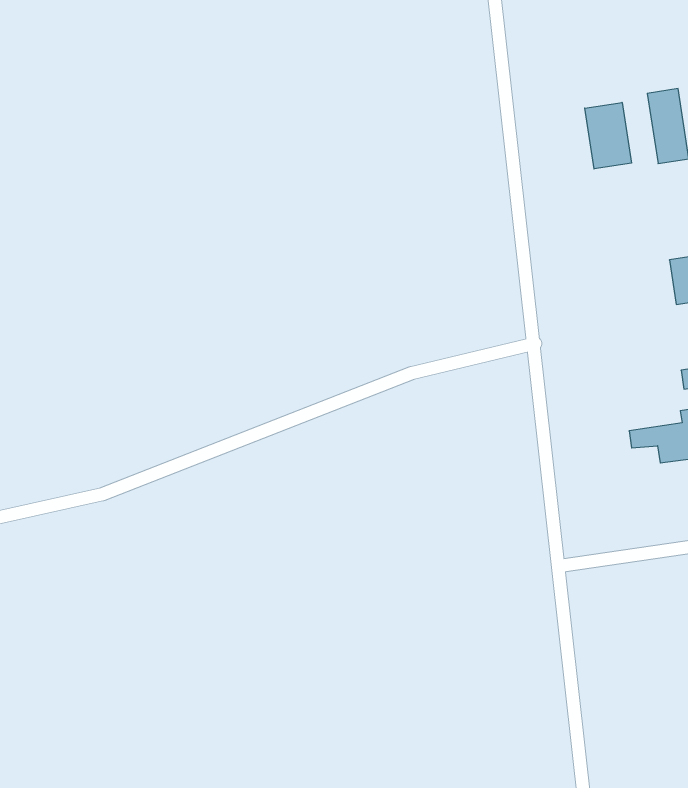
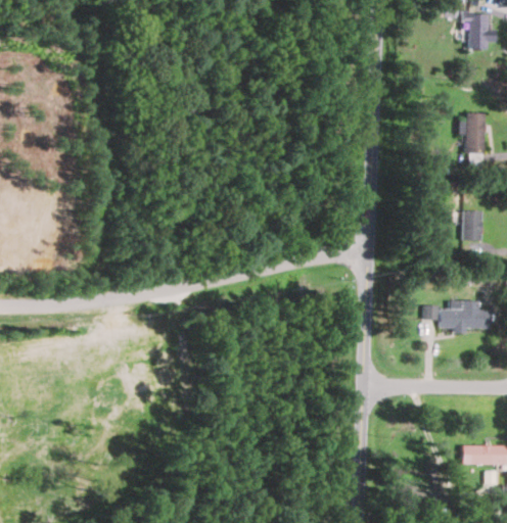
building: [585,102,631,169] -> none

